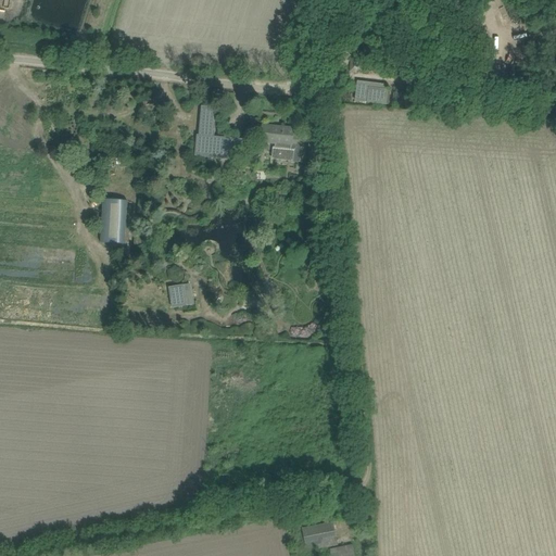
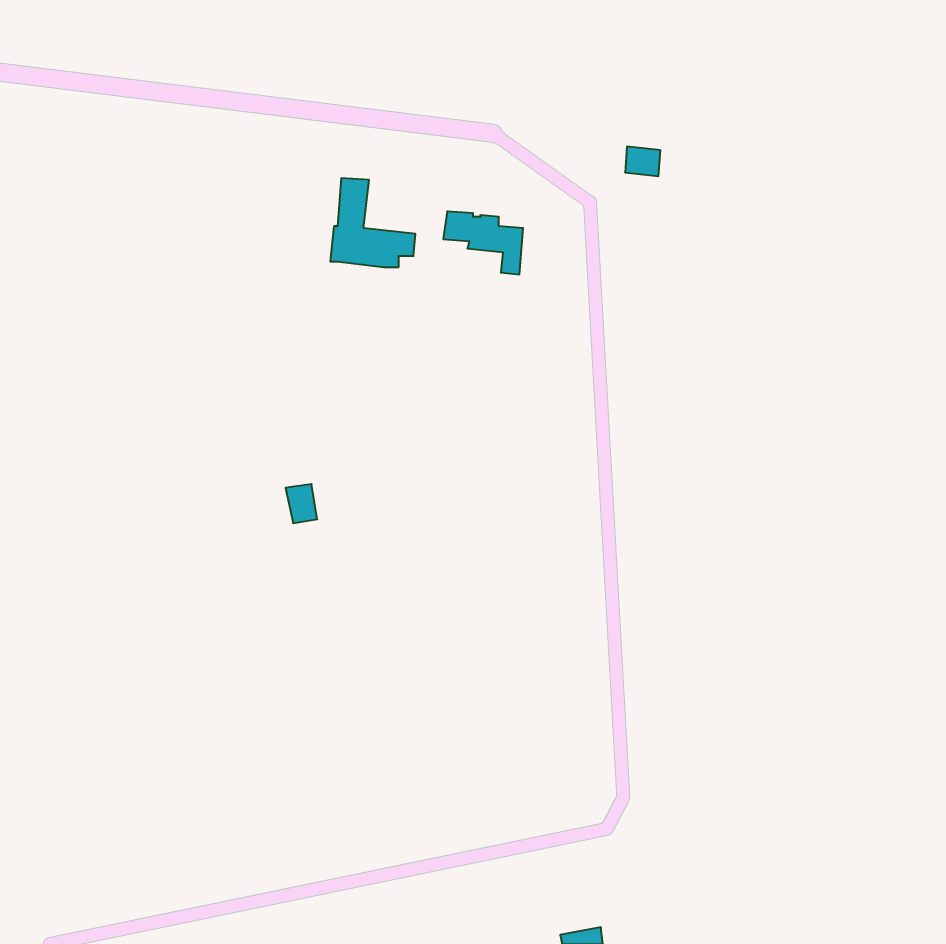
building: [100,198,127,242] -> none
building: [302,521,337,547] -> none

